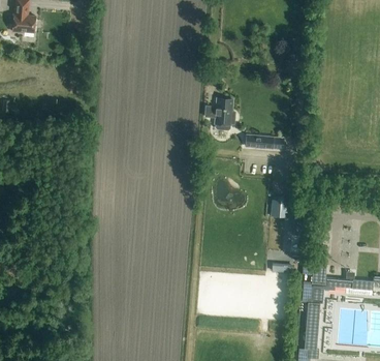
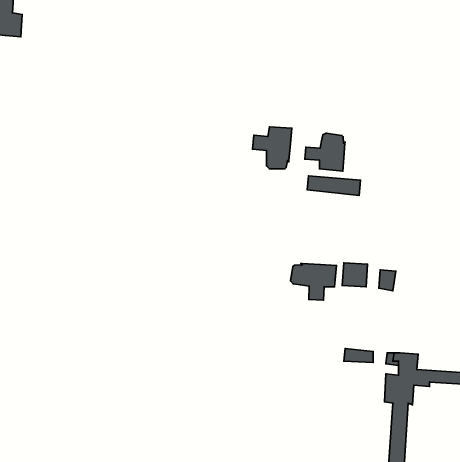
building: none -> [305,133,345,171]
building: none -> [291,263,336,300]

